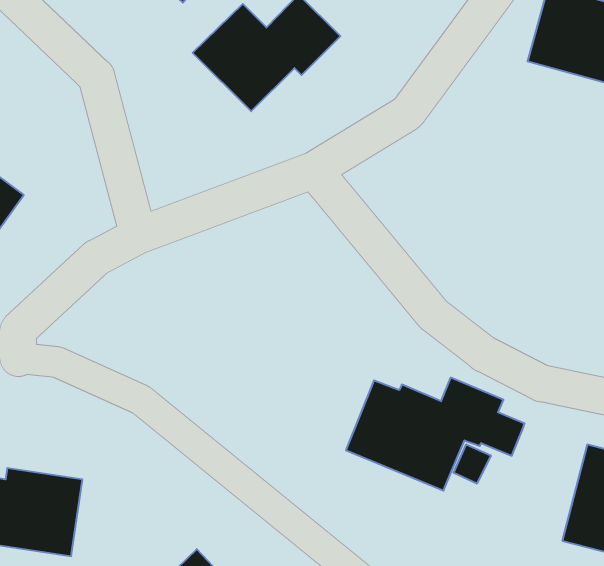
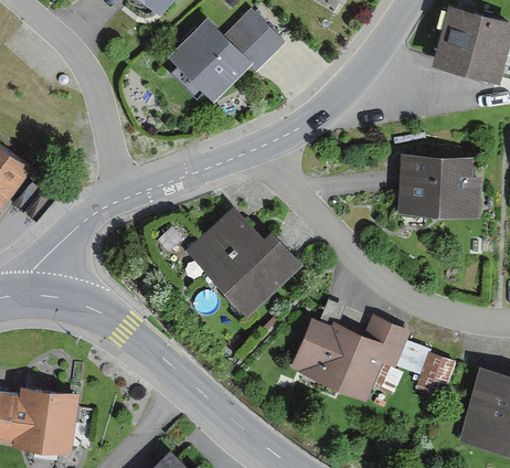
building: none -> [397,155,481,220]
building: none -> [183,206,302,319]
building: none -> [414,354,456,402]

